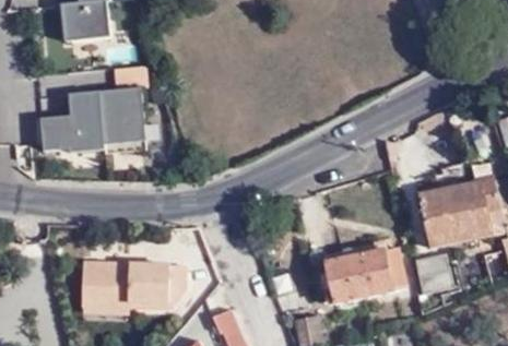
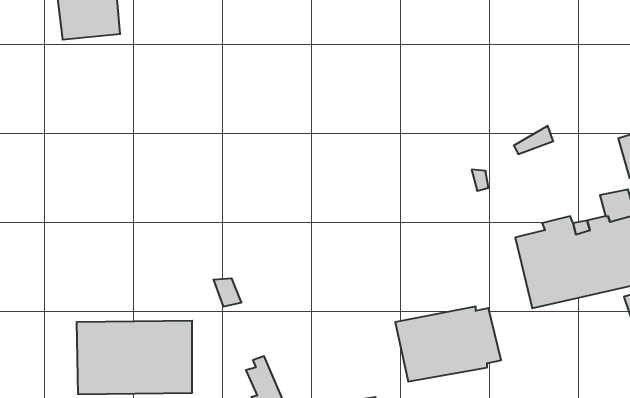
building: [40,87,146,153] -> none
building: [415,251,456,291] -> none

